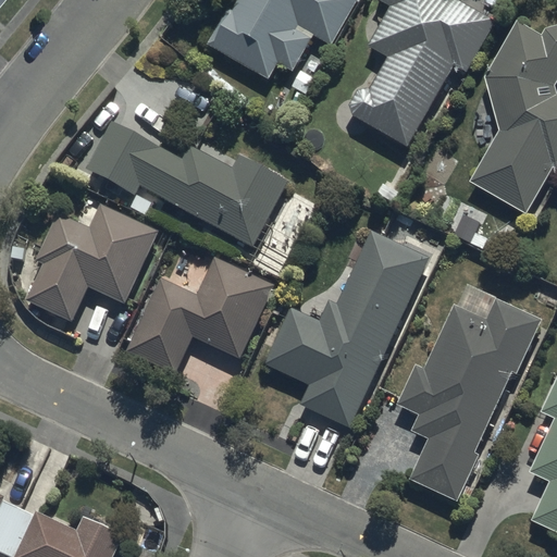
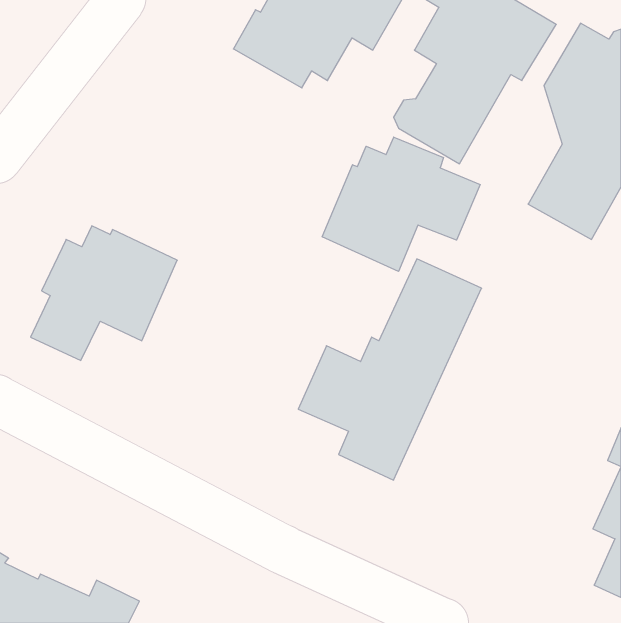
building: [88,121,287,244] -> none
building: none -> [322,137,480,271]
building: [128,257,275,374] -> none
building: [397,284,542,499] -> none

